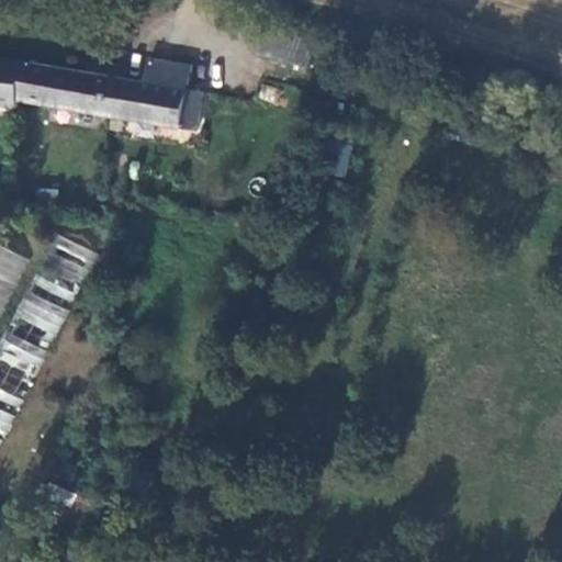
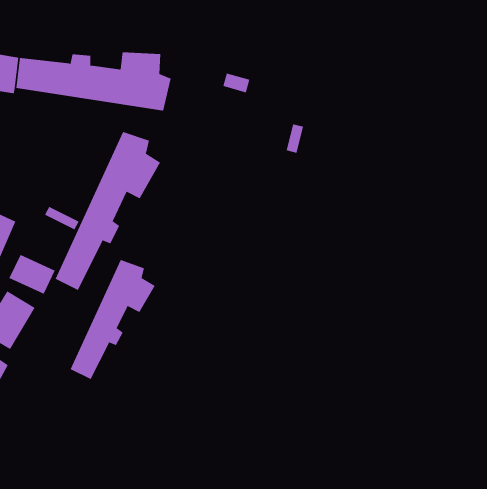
building: none -> [55,131,161,291]
building: none -> [70,259,155,380]

